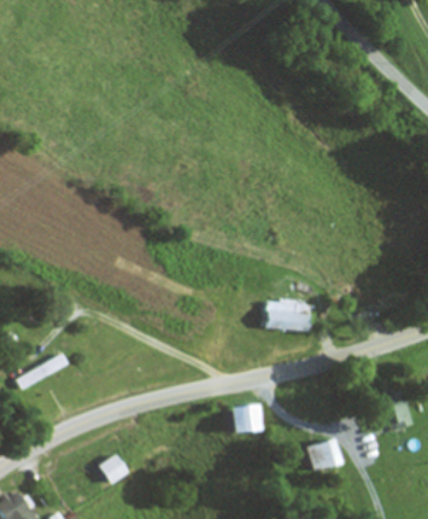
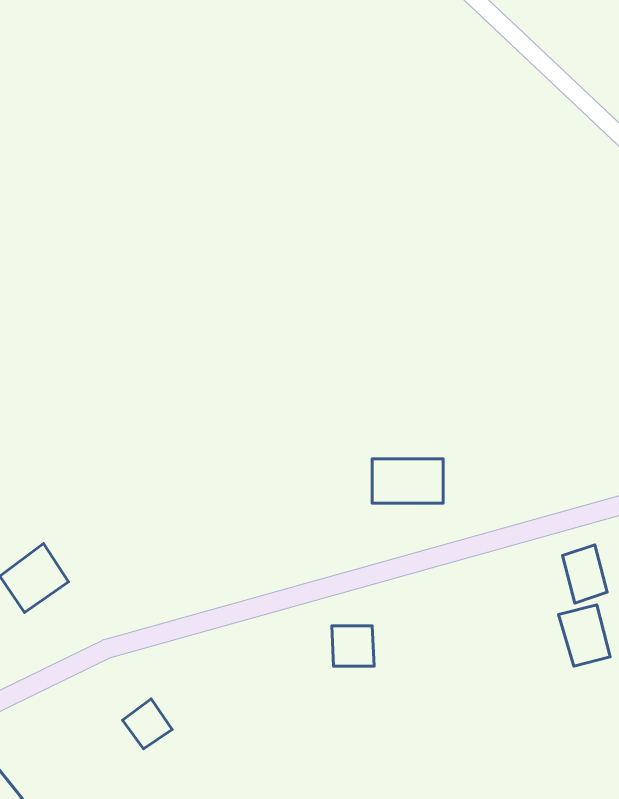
building: none -> [563,545,607,603]
building: [303,439,340,472] -> none

